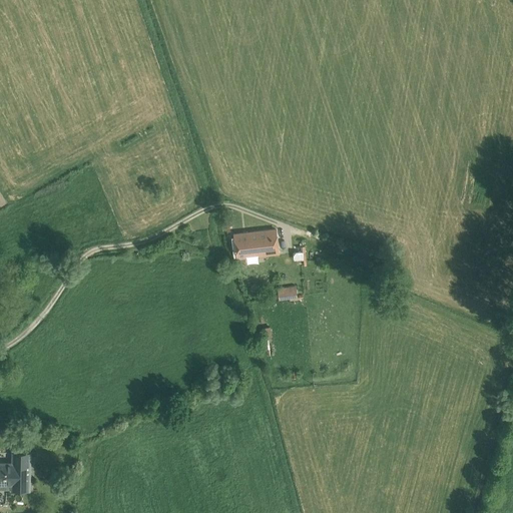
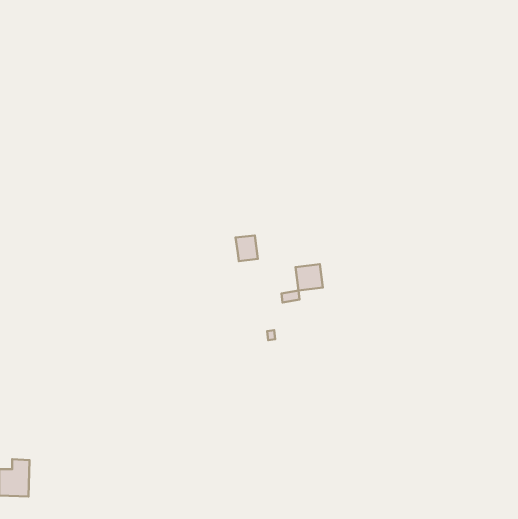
building: [251,229,279,255] -> [296,264,323,290]

